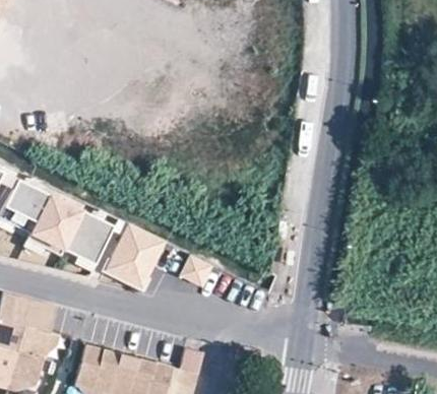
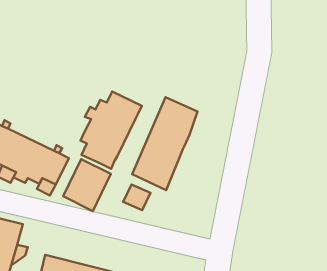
building: none -> [81,92,142,169]
building: none -> [132,97,198,190]

